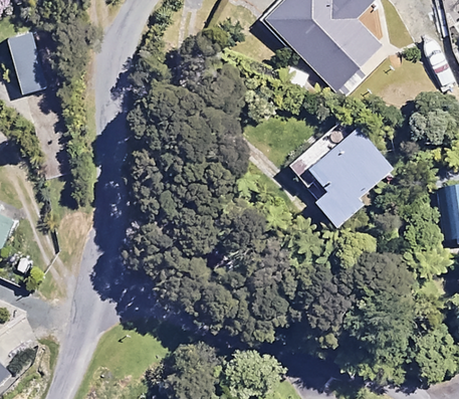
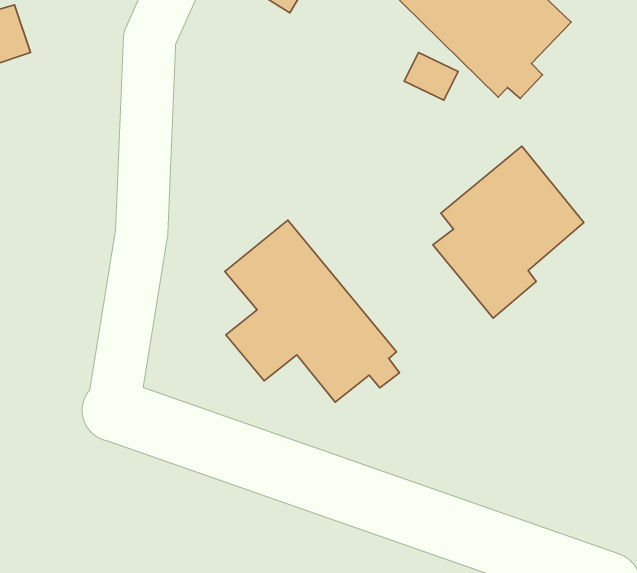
building: none -> [225,220,400,402]

